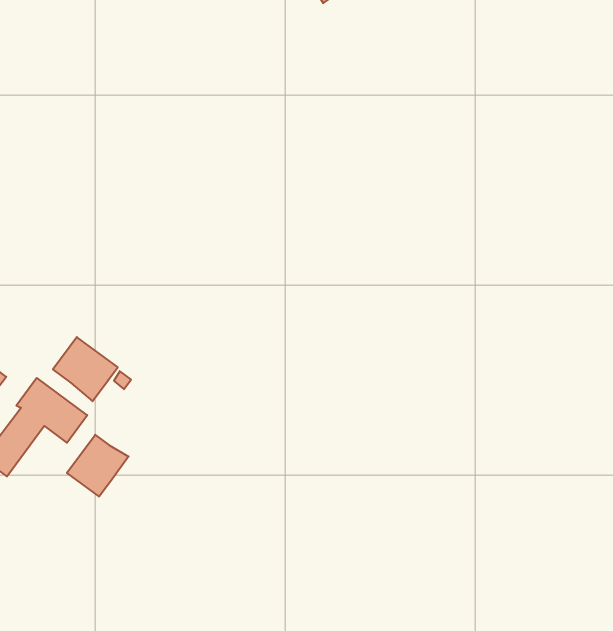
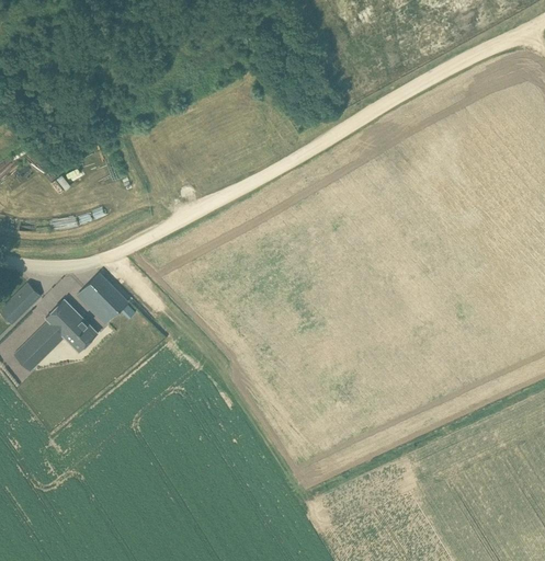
building: [67,435,129,497] -> none

